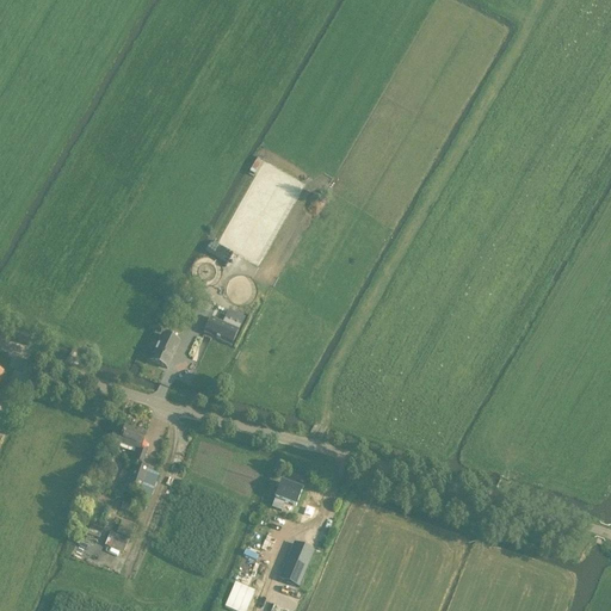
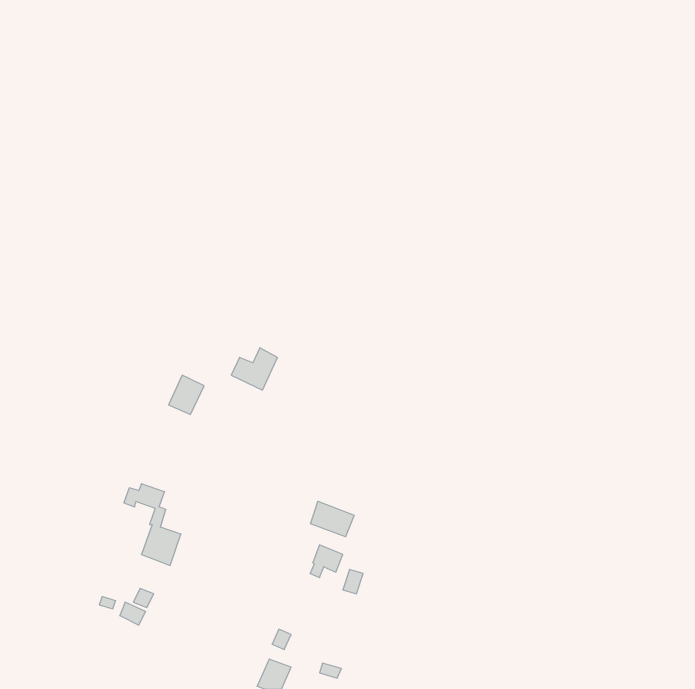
building: none -> [310,501,354,537]
building: [278,539,314,584] -> none

